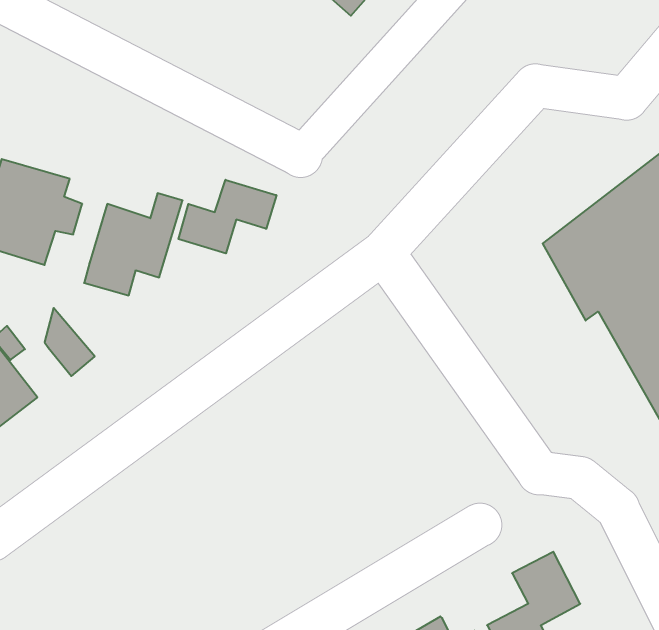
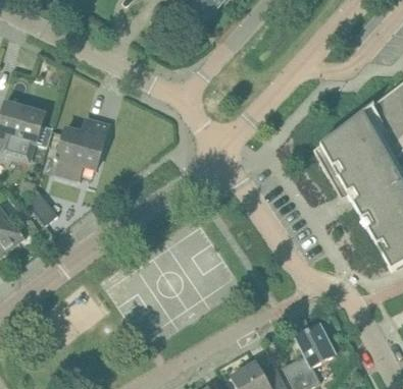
building: [178,180,276,253] -> none

